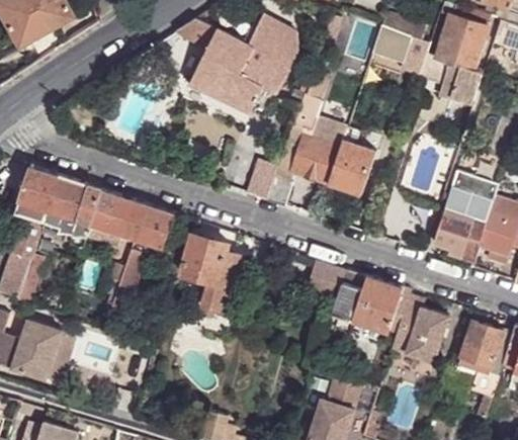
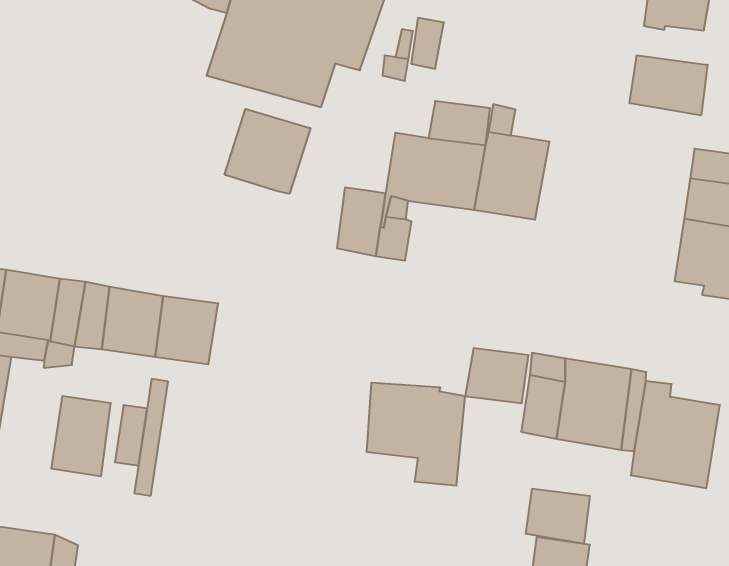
building: none -> [225,109,310,194]
building: none -> [630,55,708,115]
building: [181,236,242,301] -> [366,383,465,486]
building: none -> [52,396,111,476]
building: none -> [526,489,590,544]

